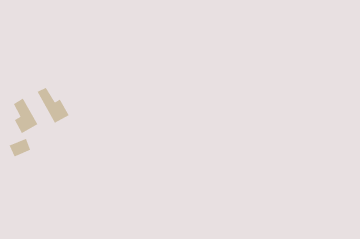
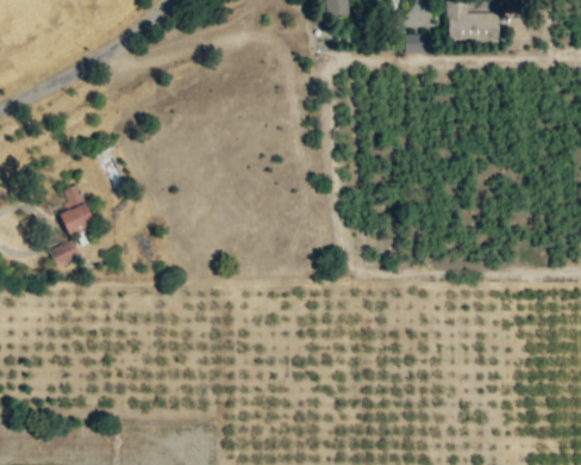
building: [36,87,70,124] -> none

